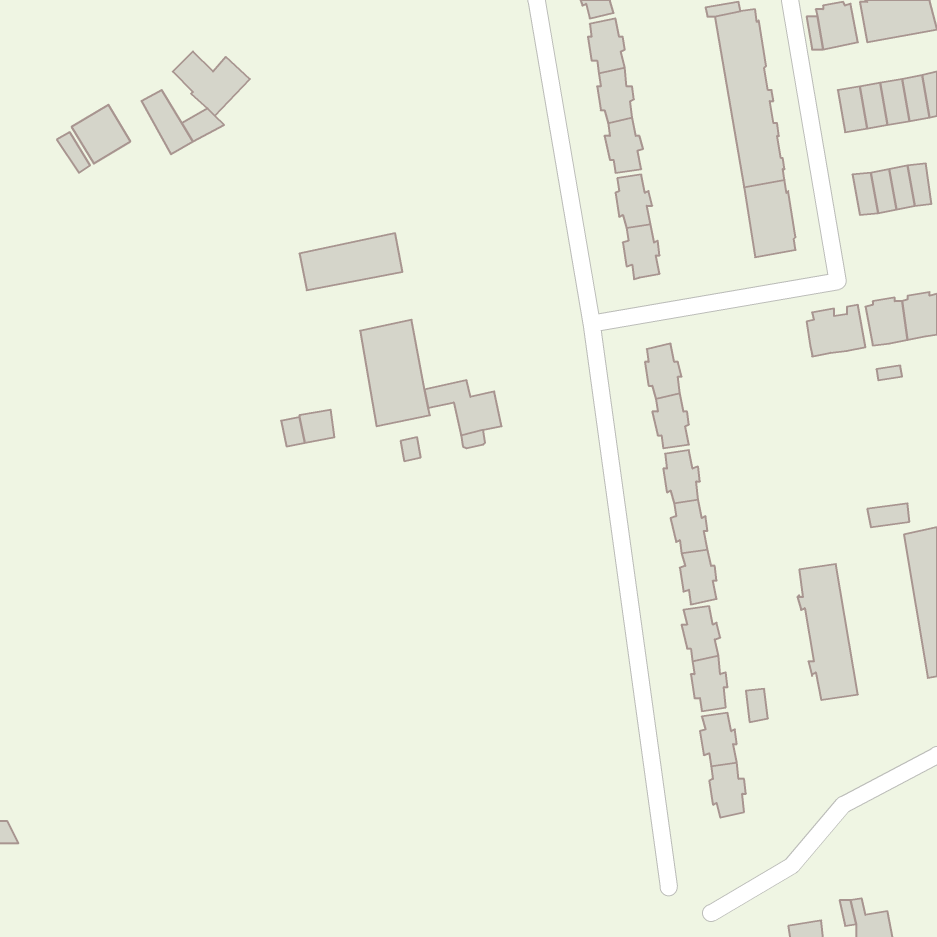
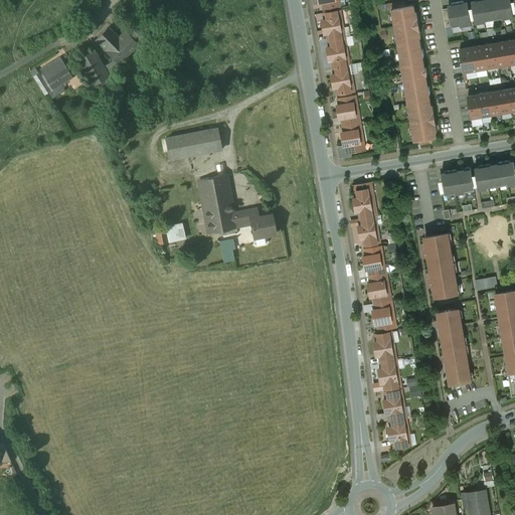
building: none -> [423,233,457,298]

